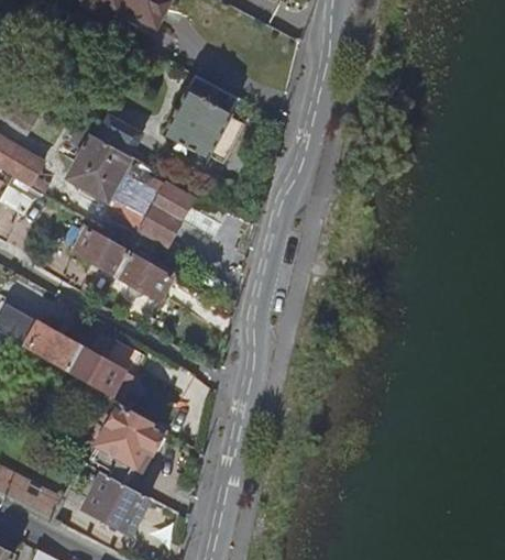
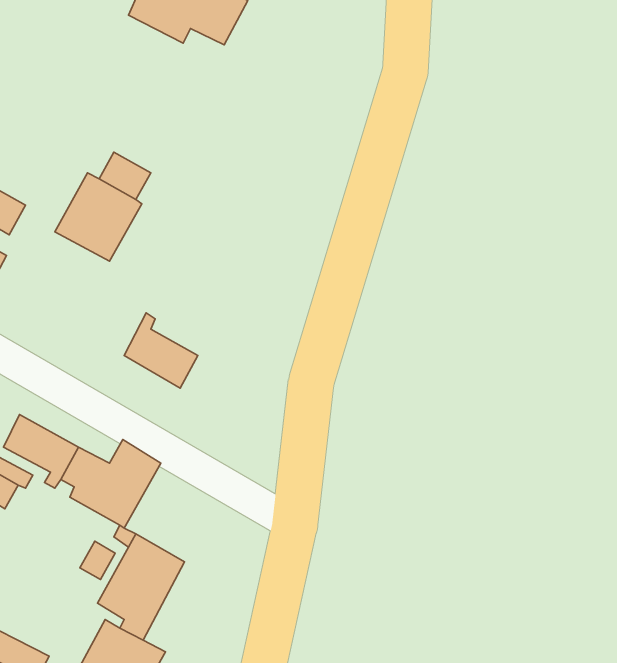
building: [161,78,239,161] -> none
building: [120,178,227,250] -> none
building: [74,227,133,274] -> none

